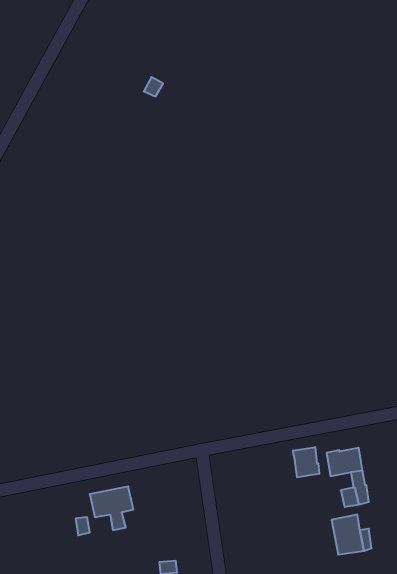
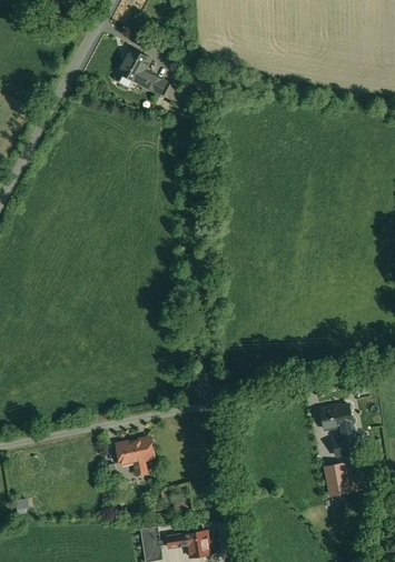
building: none -> [117,49,165,94]
building: [293,447,319,477] -> none

